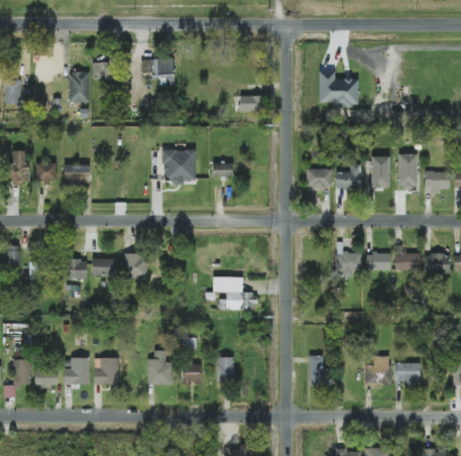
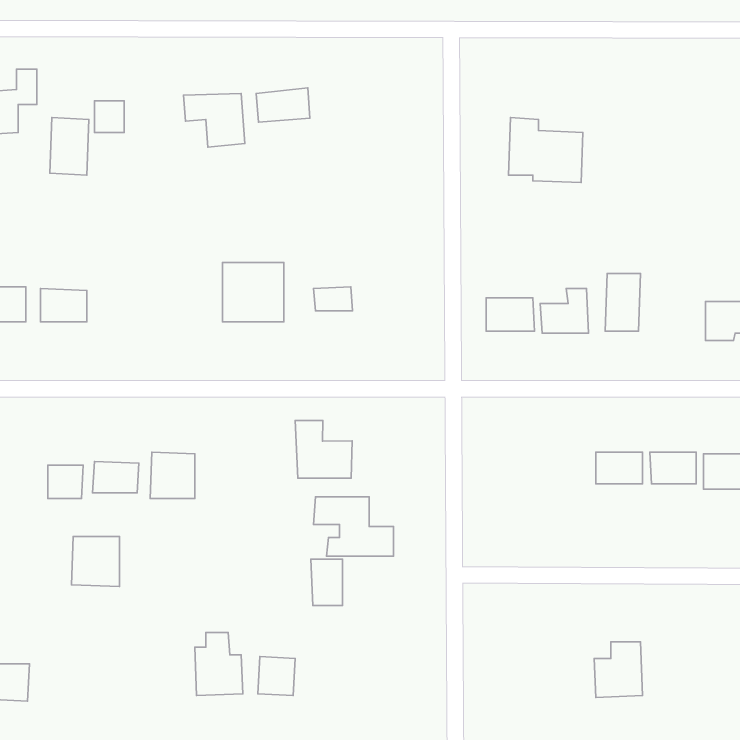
building: none -> [256,88,310,122]
building: [235,95,261,110] -> none
building: [397,153,418,187] -> none
building: none -> [295,421,352,478]
building: [338,252,361,274] -> none
building: [308,354,331,384] -> none
building: [216,356,233,381] -> [311,559,342,606]
building: [64,357,89,384] -> none
building: [93,357,119,384] -> [71,536,120,587]
building: [394,362,420,384] -> none

